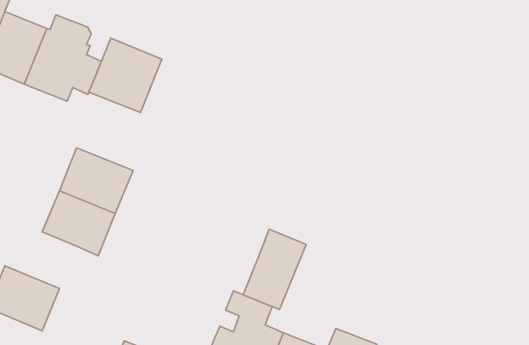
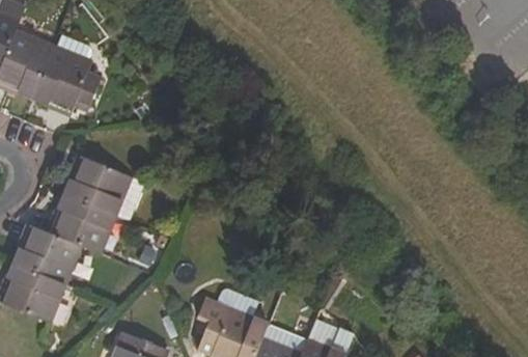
building: [89,38,162,112] -> none
building: none -> [13,225,80,284]
building: [243,229,306,309] -> none

